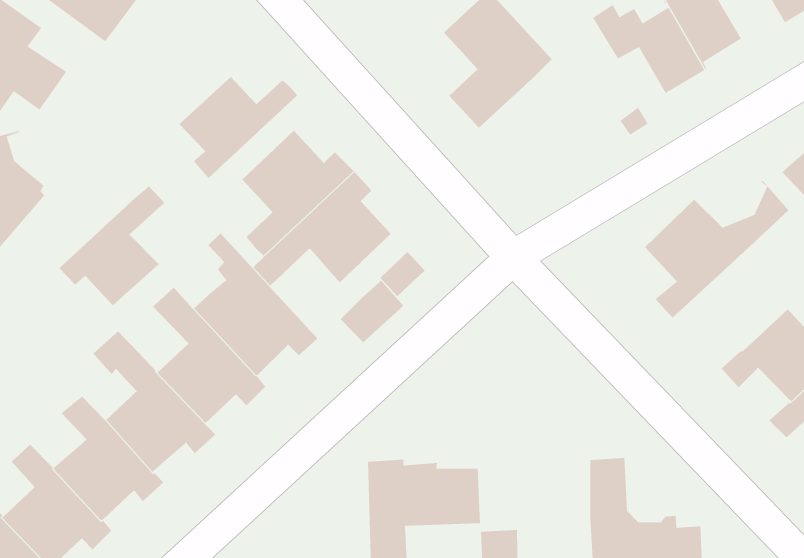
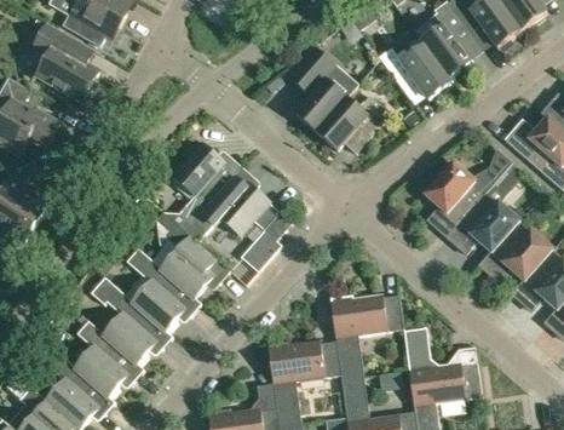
building: [179,76,298,179] -> none
building: none -> [315,94,390,149]
building: [59,185,165,306] -> none
building: none -> [445,194,519,252]
building: none -> [329,293,403,379]

